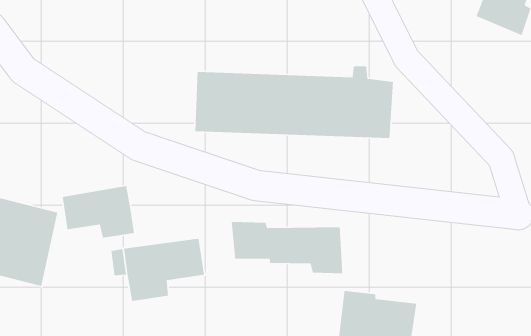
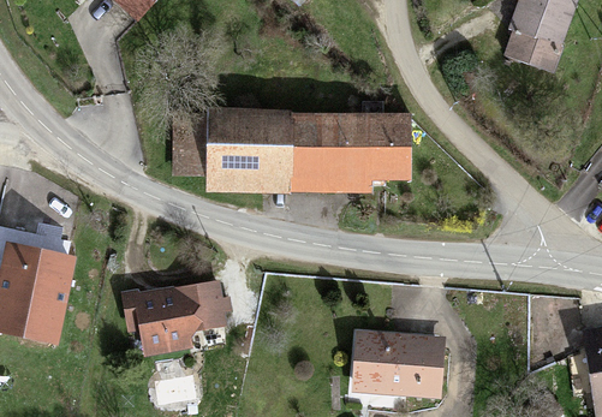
building: [62,185,135,239] -> none
building: [231,221,343,274] -> none

